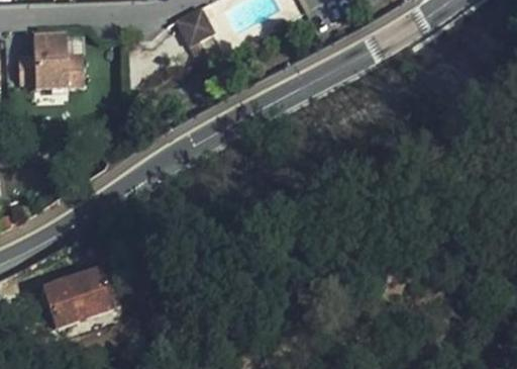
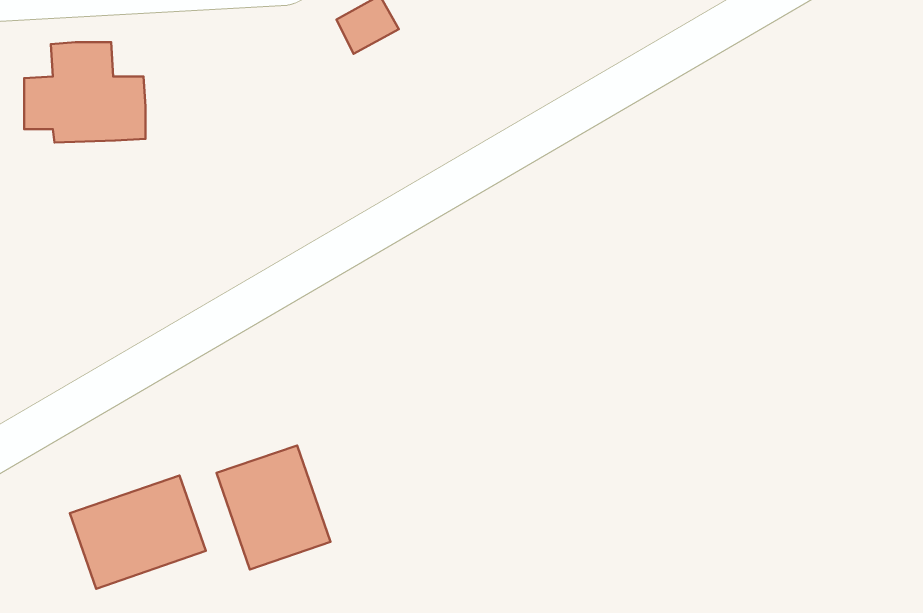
building: none -> [217,446,331,569]

